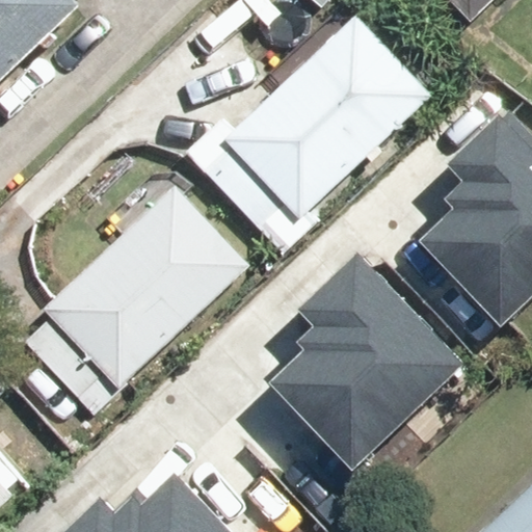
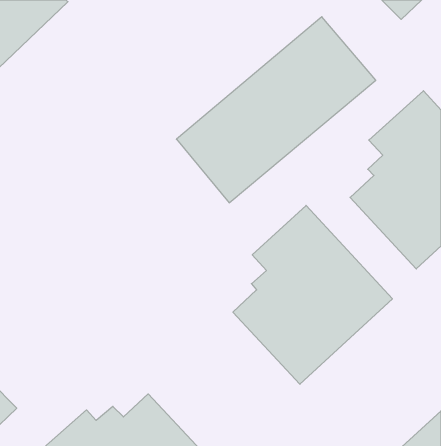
building: [38,195,240,395] -> none

